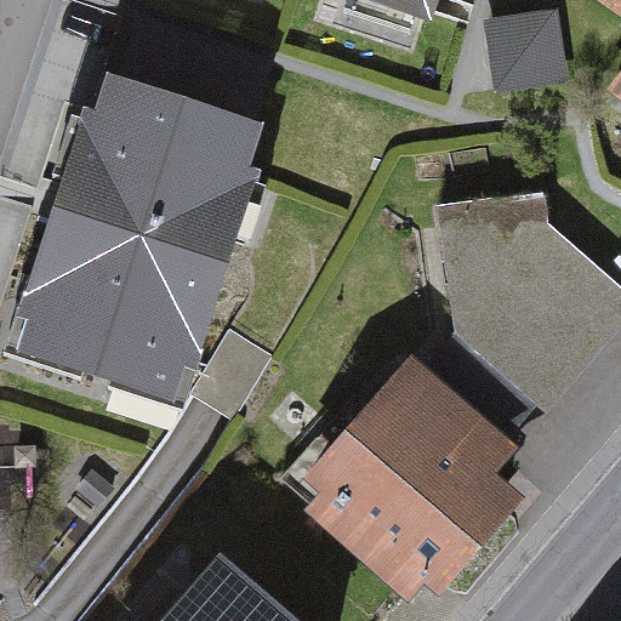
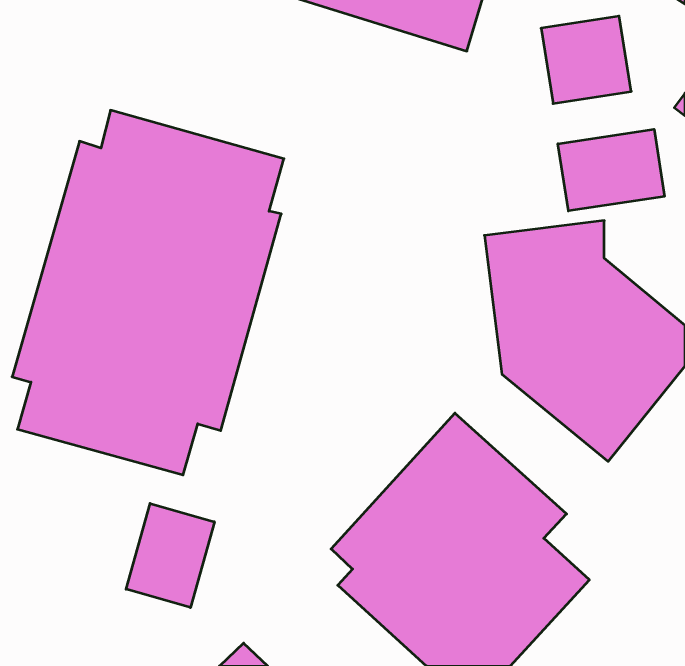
building: none -> [558,129,664,211]
building: none -> [126,503,214,608]

